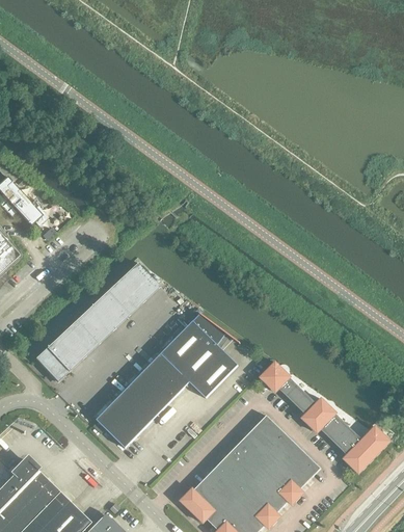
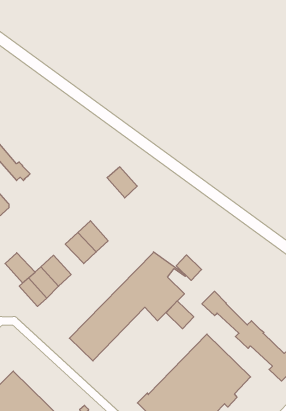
building: [122,262,159,300] -> [107,167,137,198]
building: [76,304,113,342] -> [5,253,35,283]
building: none -> [176,255,202,280]
building: none -> [166,301,194,329]

